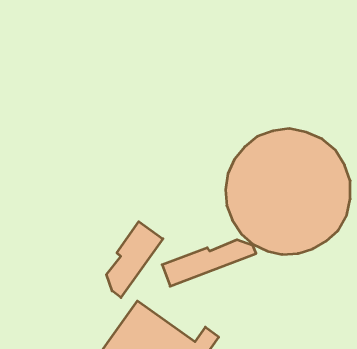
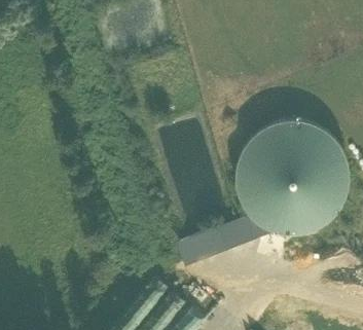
building: [106,222,163,298] -> none

